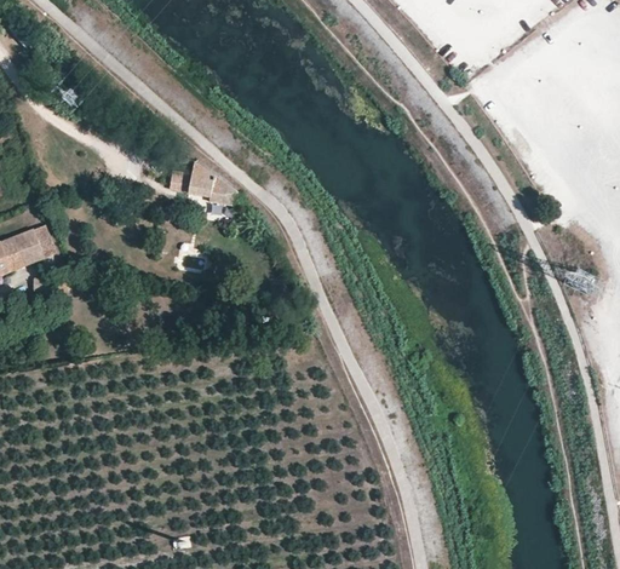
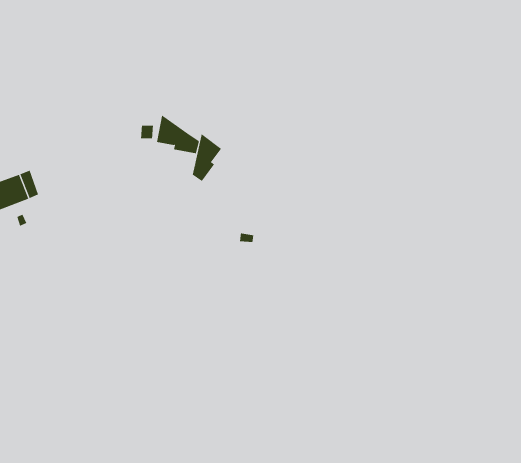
building: none -> [192,133,222,182]

